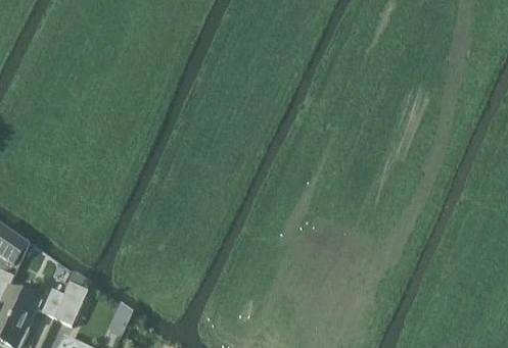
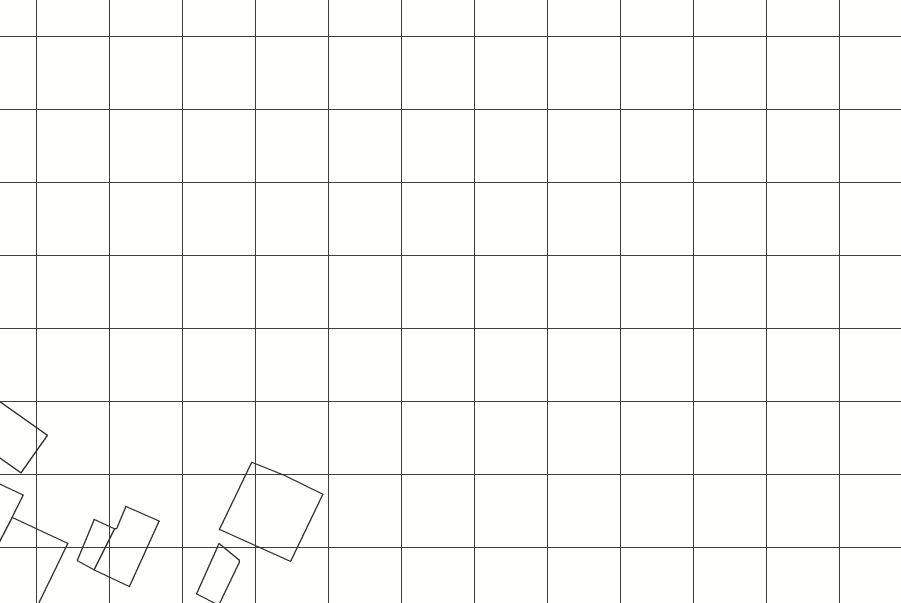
building: none -> [219,462,323,561]

